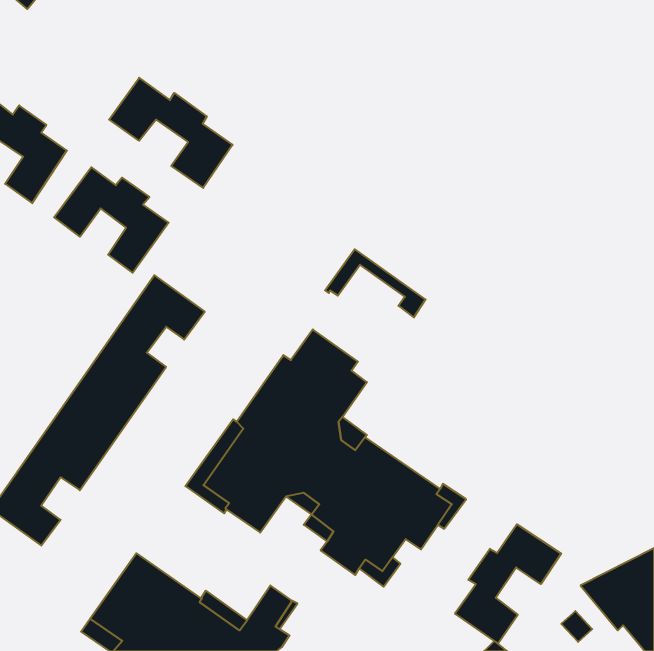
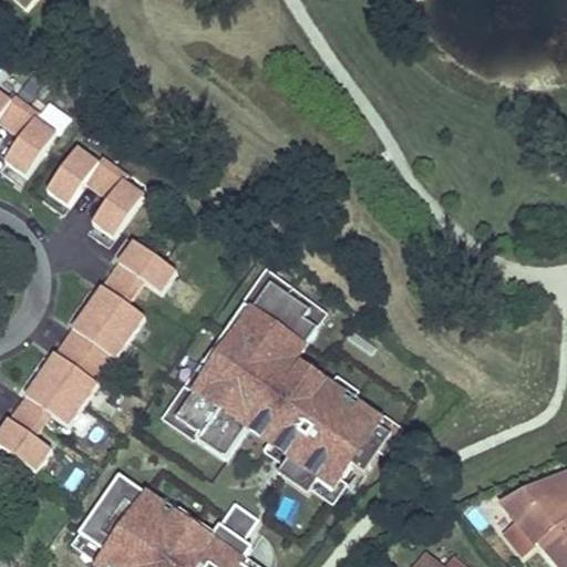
building: [109,78,233,188] -> none
building: [325,249,426,317] -> [239,270,326,329]
building: [455,524,561,643] -> none

